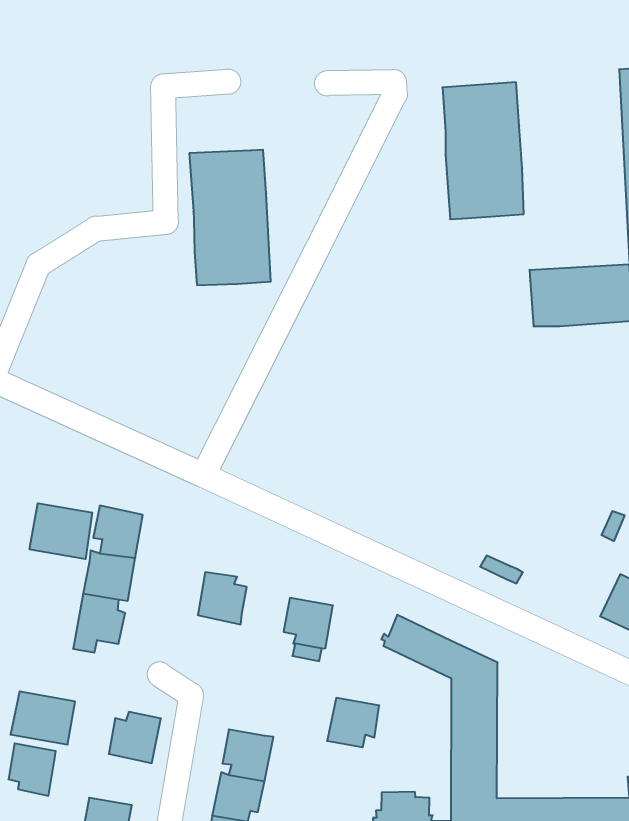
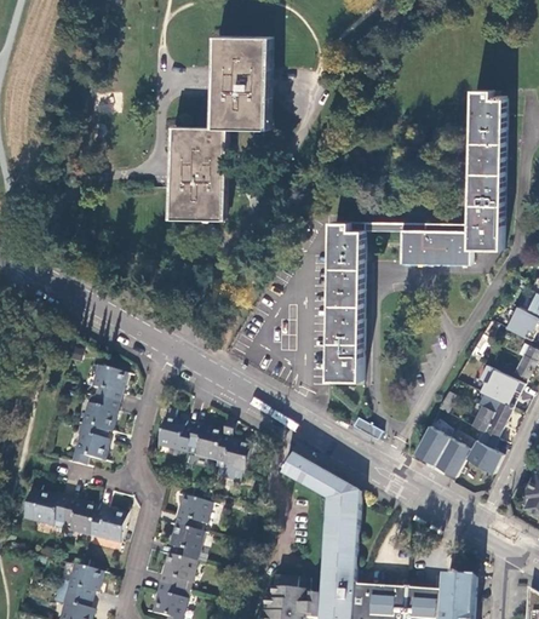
building: [442,82,524,219] -> [216,38,268,128]
building: none -> [328,223,363,382]
building: [30,503,92,559] -> none
building: none -> [413,426,448,465]
building: none -> [187,423,222,460]
building: [327,698,379,747] -> [172,495,210,531]
building: [8,743,56,796] -> [62,498,96,535]

